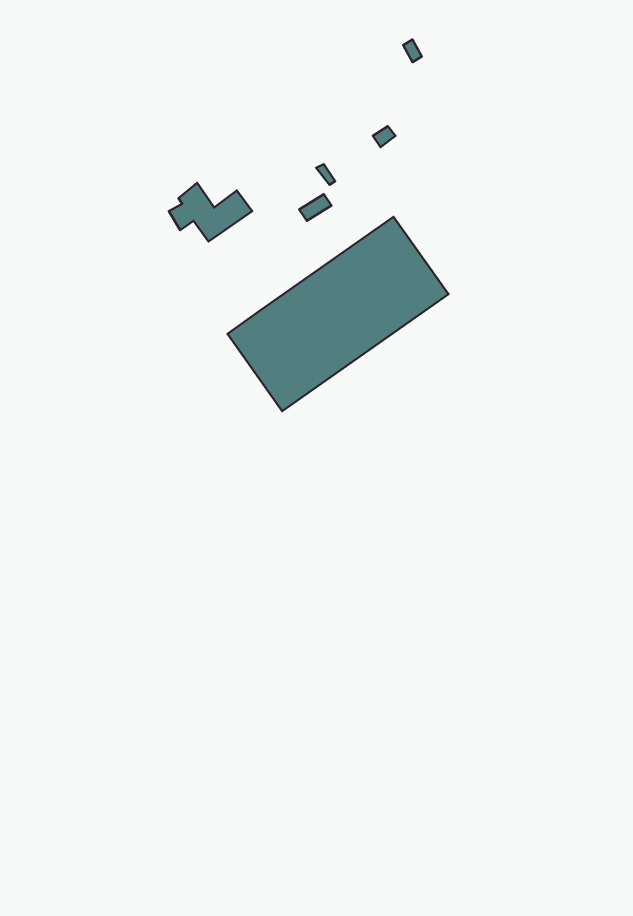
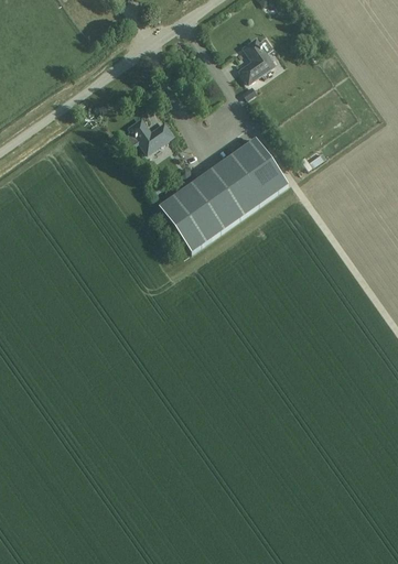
building: none -> [240,37,273,80]

